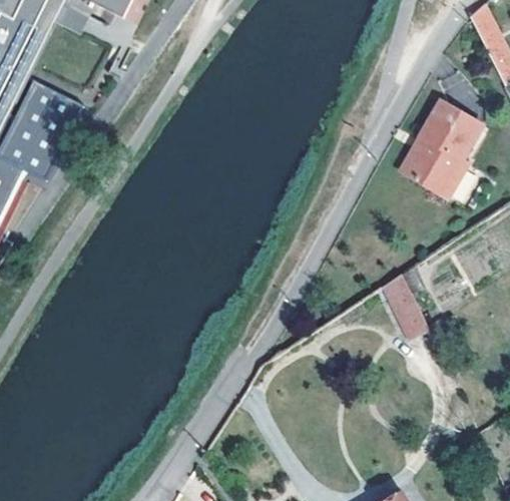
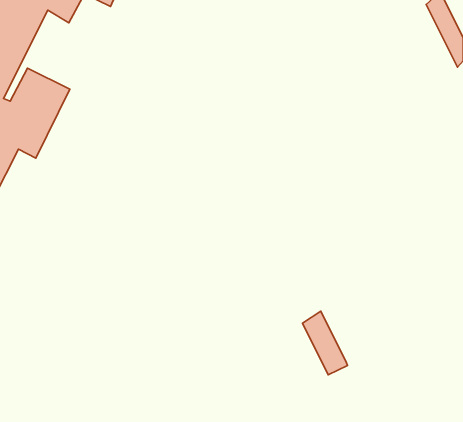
building: [397,95,486,197] -> none
building: [378,270,427,339] -> [302,311,348,375]

